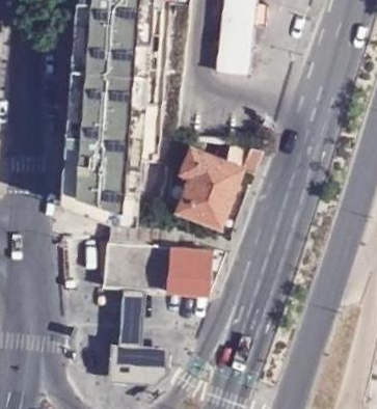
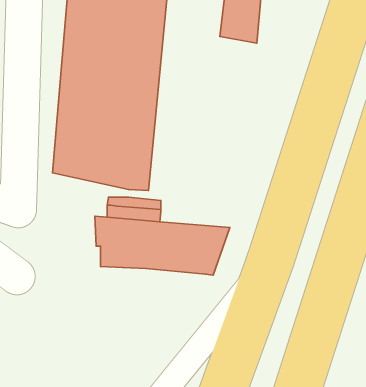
building: [178,142,263,223] -> none
building: [108,287,170,384] -> none

